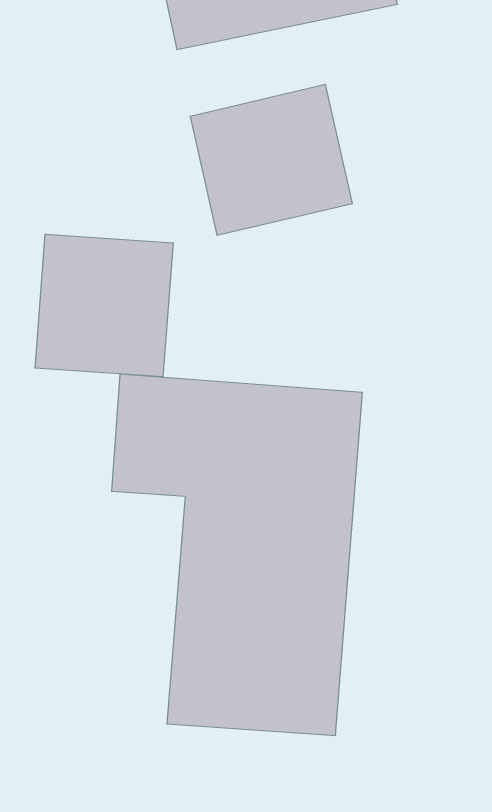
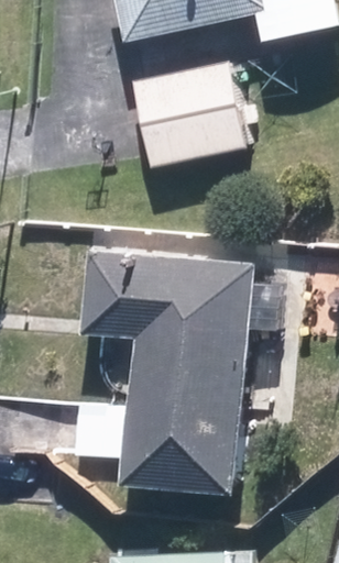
building: [35,234,173,377] -> none

